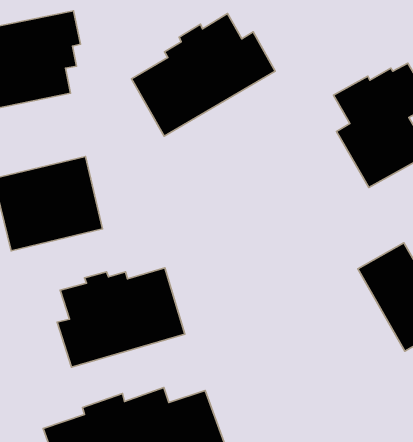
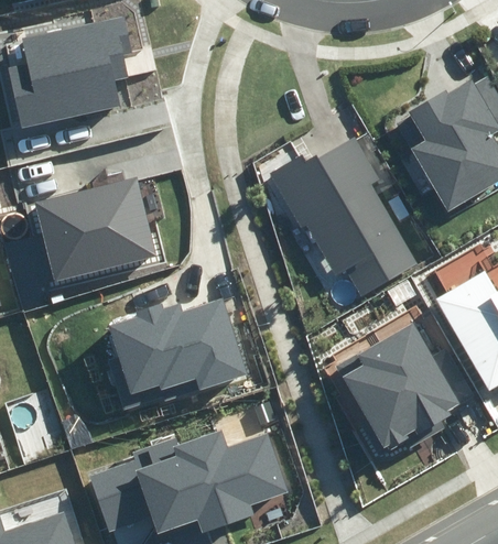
building: [131,14,275,136] -> none
building: none -> [269,138,416,296]
building: none -> [333,322,475,449]

